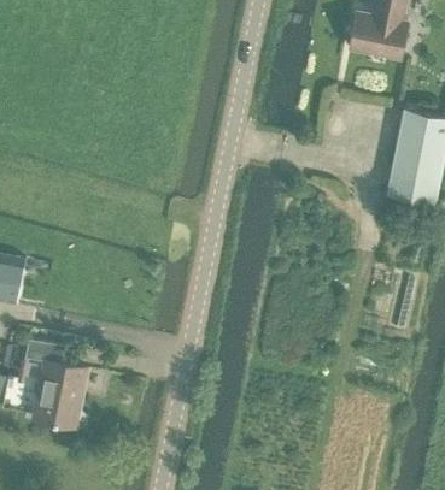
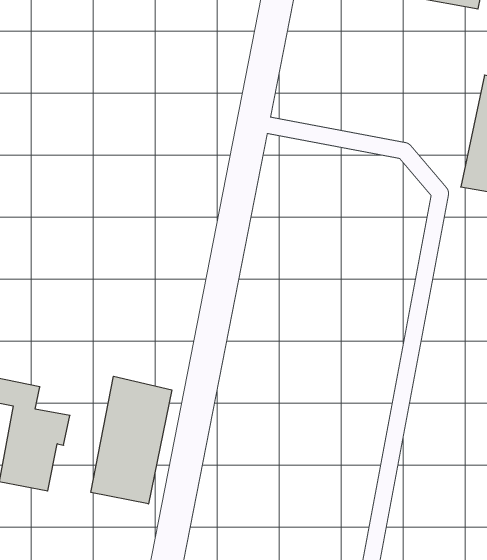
building: none -> [91,376,172,504]

